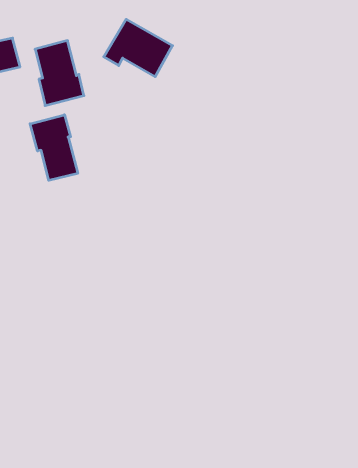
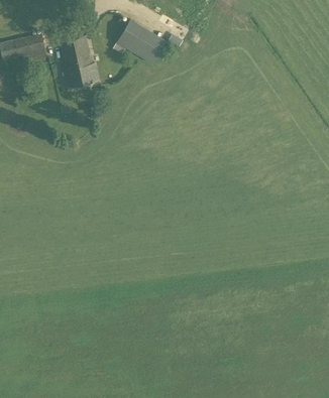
building: [30,115,78,180] -> none

